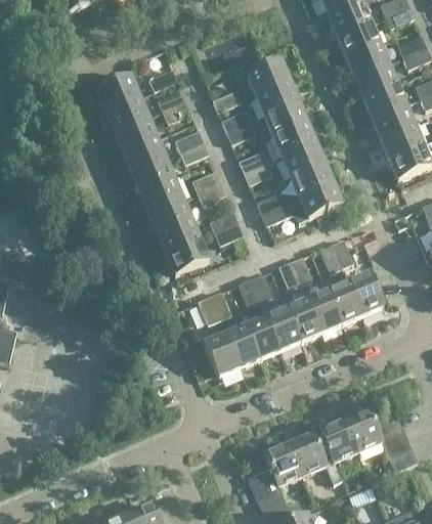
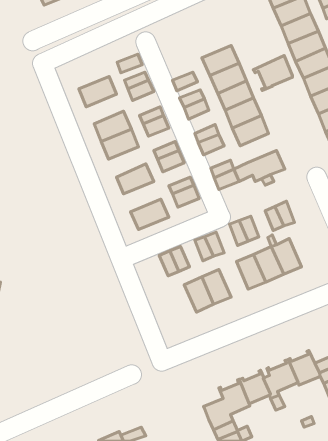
building: none -> [253,55,293,91]
building: [95,74,139,108] -> none
building: [113,115,156,148] -> none
building: [290,160,332,193] -> none
building: [138,175,181,210] -> none
building: [156,215,199,250] -> none
building: [346,272,381,313] -> none
building: [265,307,299,348] -> none
building: [205,334,240,375] -> none

